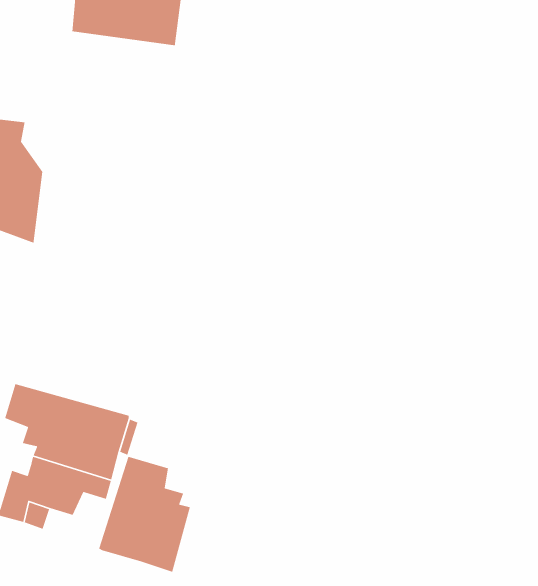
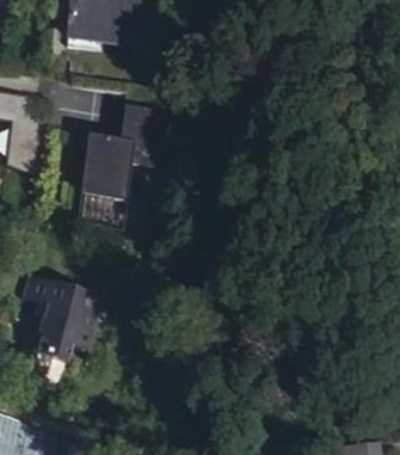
building: none -> [86,105,165,232]
building: [98,456,191,573] -> none

